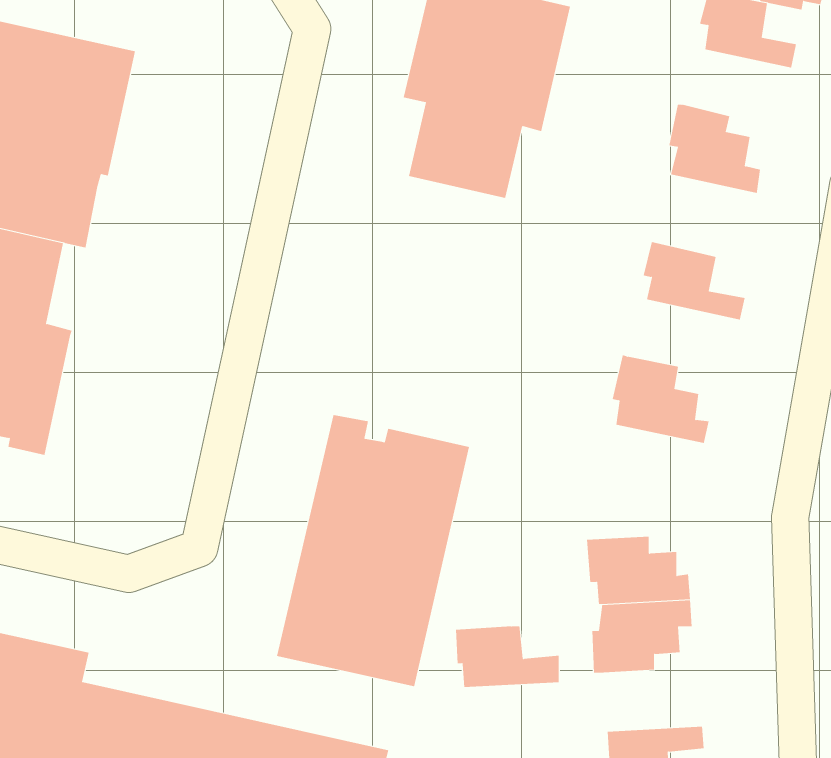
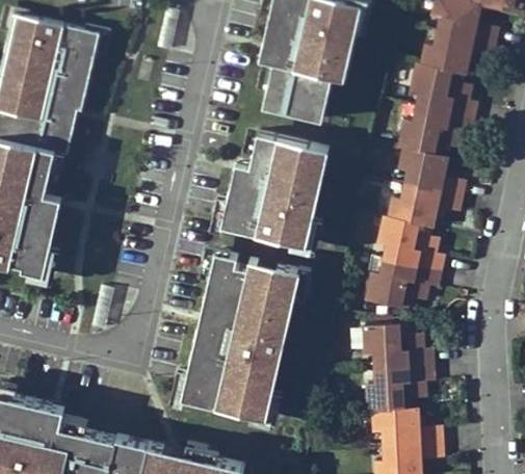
building: none -> [427,33,494,76]
building: none -> [406,109,473,157]
building: none -> [220,137,326,248]
building: none -> [394,185,463,228]
building: none -> [372,261,441,313]
building: [455,626,560,688] -> [376,410,440,447]

